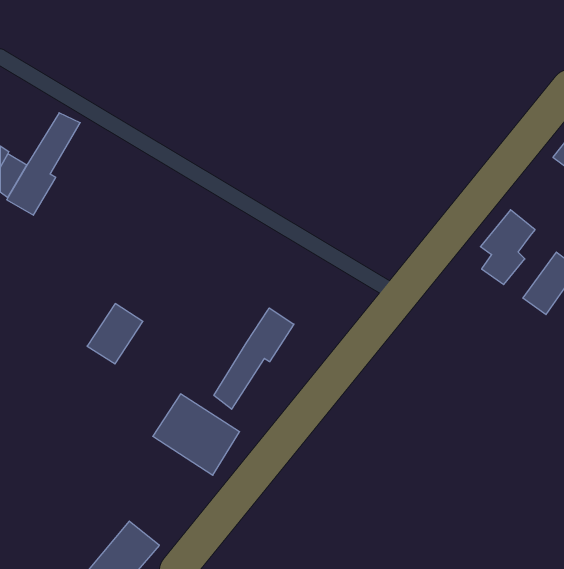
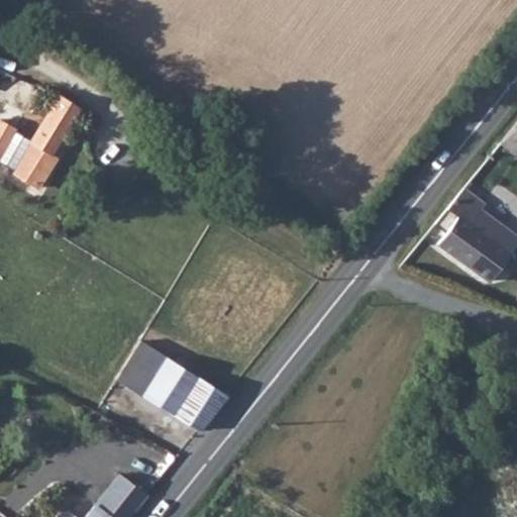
building: none -> [461,214,509,271]
building: [87,304,143,364] -> [118,341,169,396]
building: [214,308,294,409] -> none

